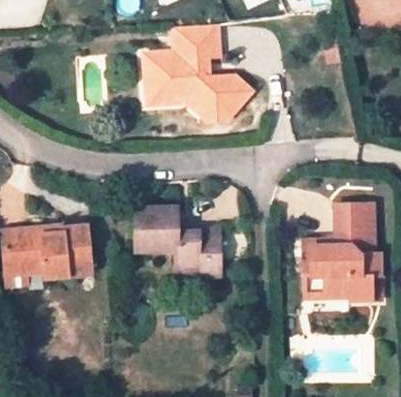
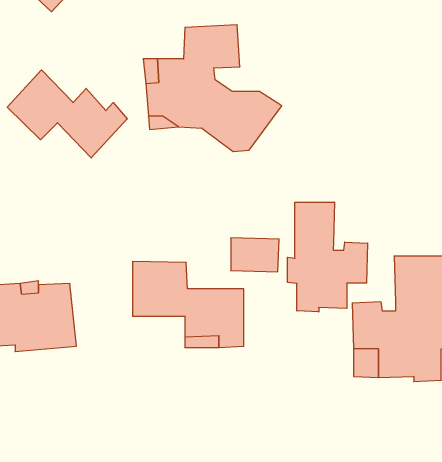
building: none -> [7,70,127,158]
building: none -> [288,202,368,312]

